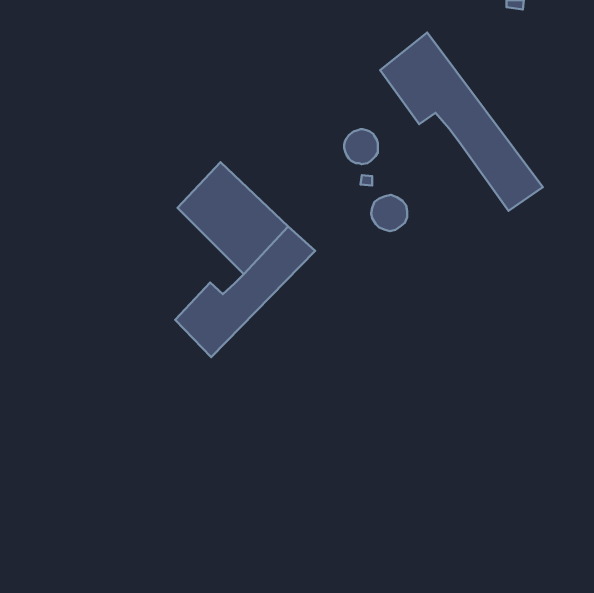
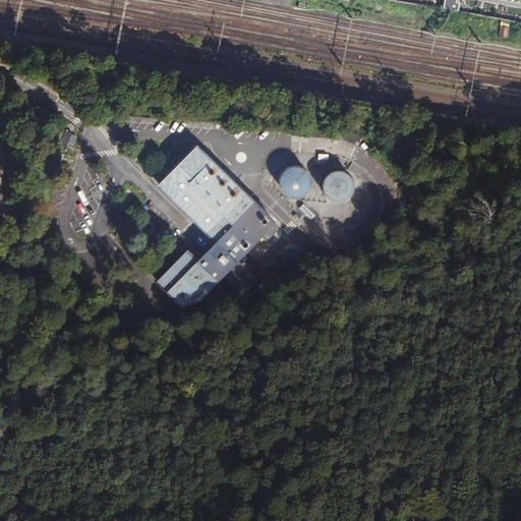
building: [380,33,543,211] -> none
building: [344,129,378,164] -> [282,165,311,195]

